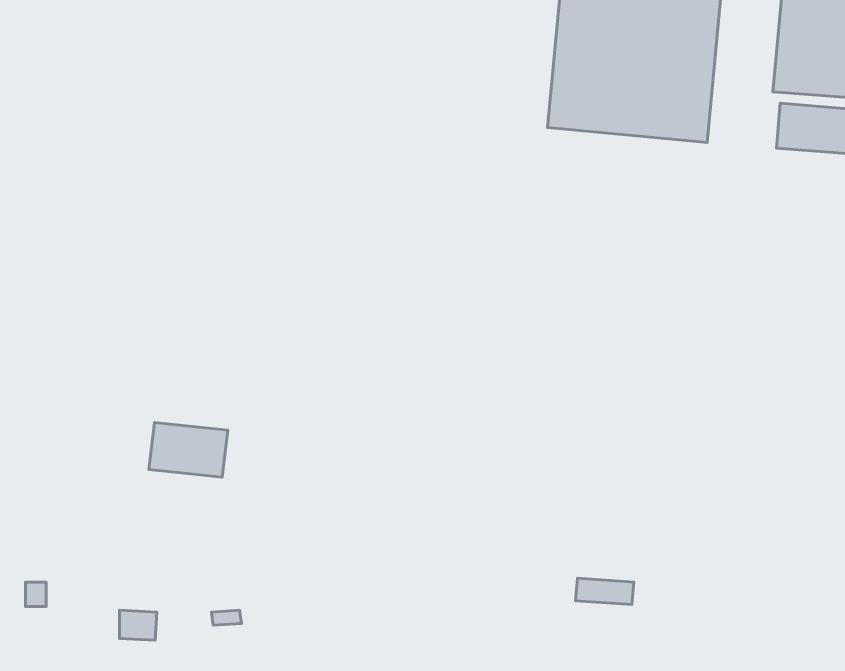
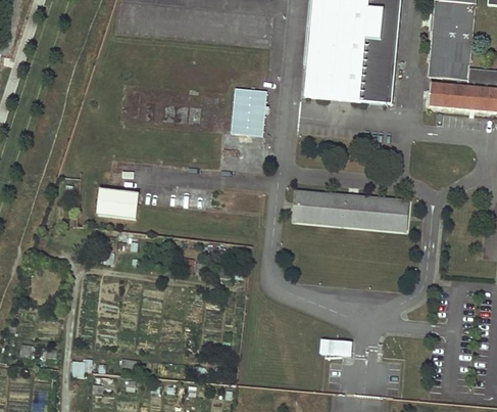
building: none -> [231,87,266,134]
building: none -> [291,189,408,231]
building: [149,423,228,477] -> [95,188,138,218]

